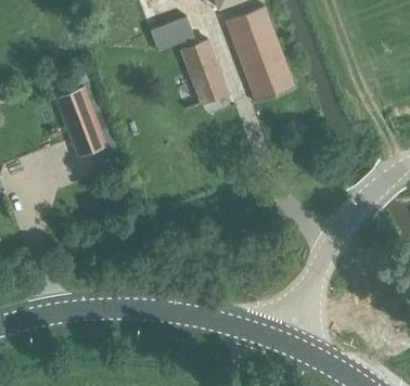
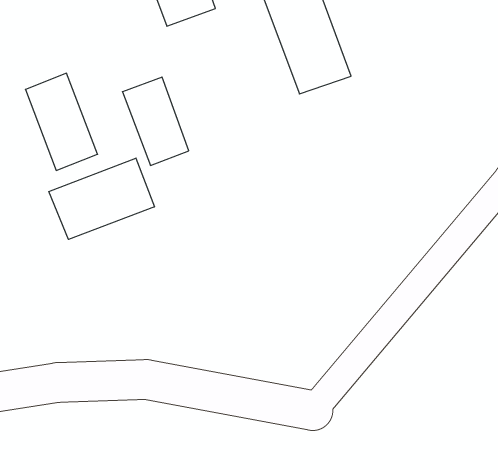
building: [179,39,228,104] -> [122,77,189,165]
building: none -> [49,158,154,239]

